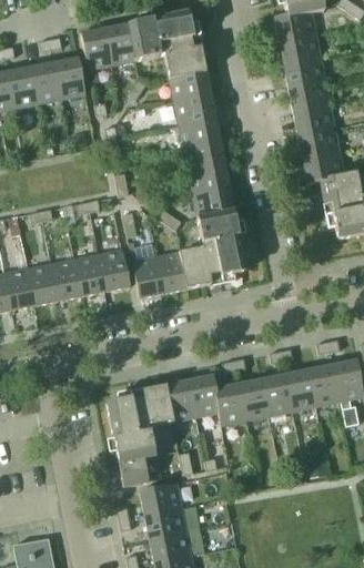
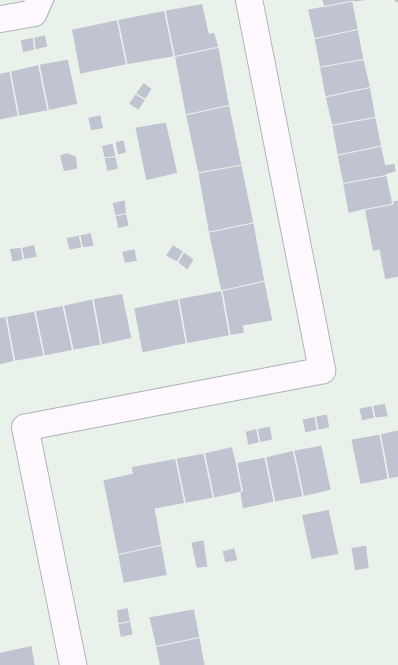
building: none -> [135,122,178,181]
building: [286,368,317,409] -> [301,509,339,560]
building: [140,483,182,514] -> none

